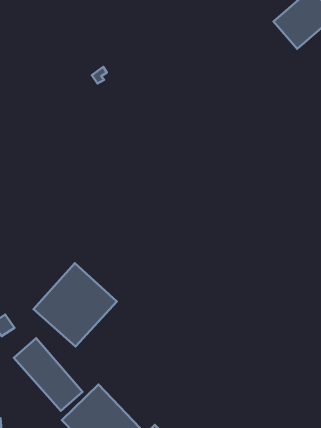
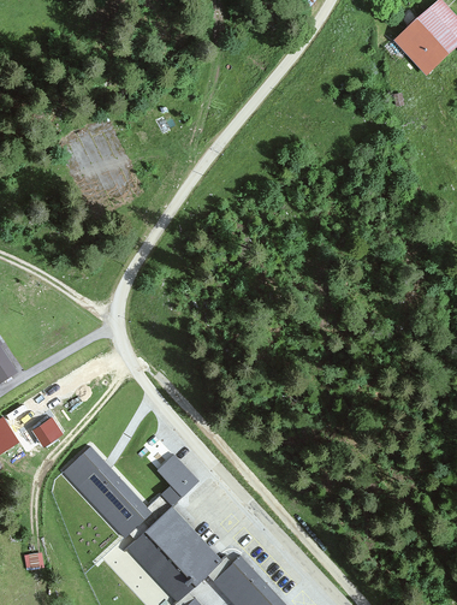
building: [34,263,117,347] -> none
building: none -> [156,455,201,508]

